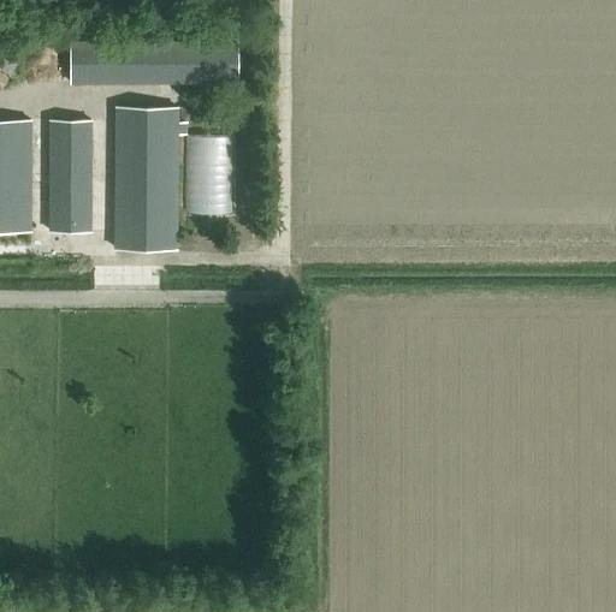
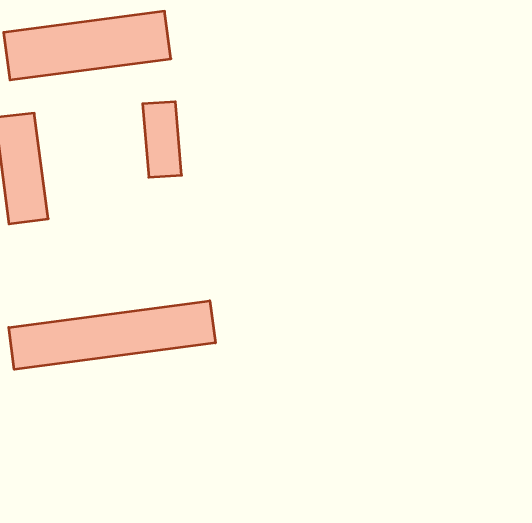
building: [116,108,178,250] -> none
building: none -> [9,301,215,369]

